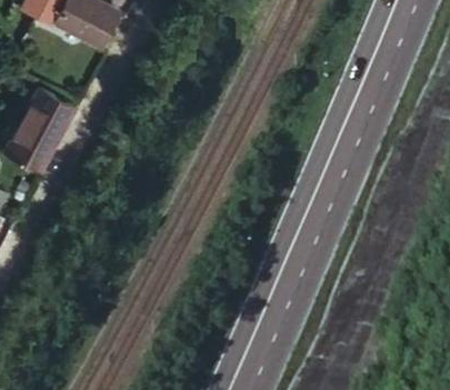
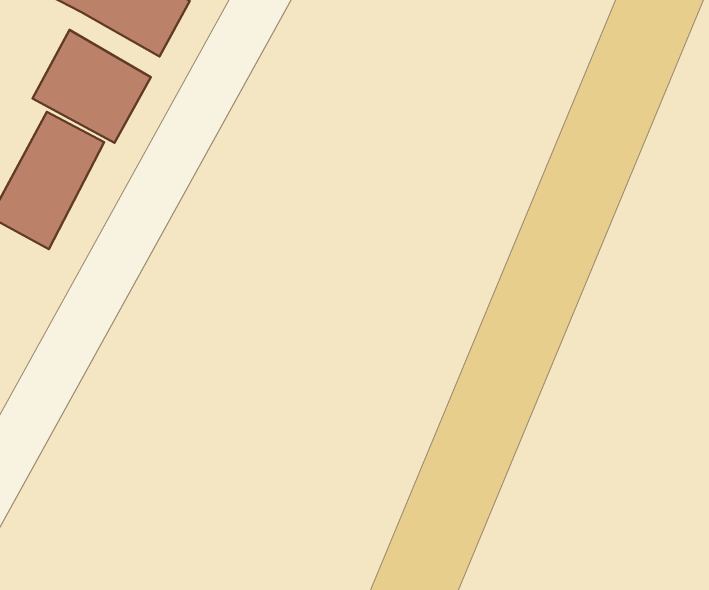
building: none -> [33,30,151,143]

